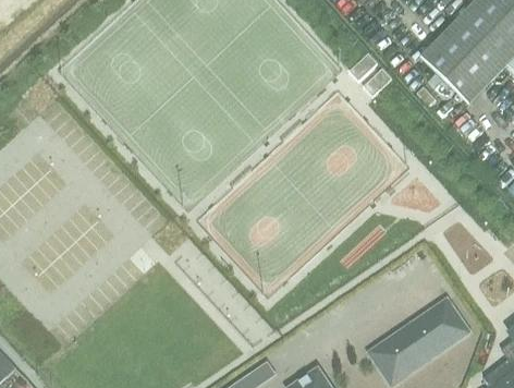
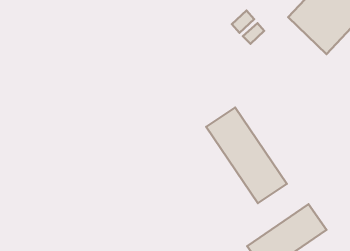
building: none -> [206,108,287,203]

